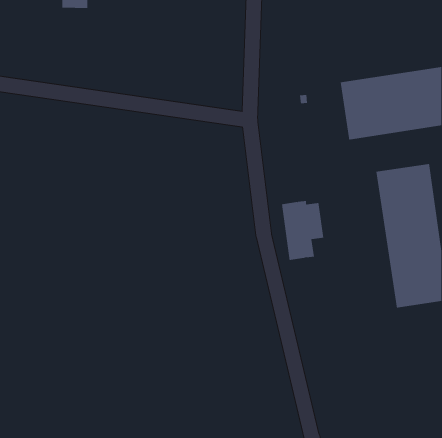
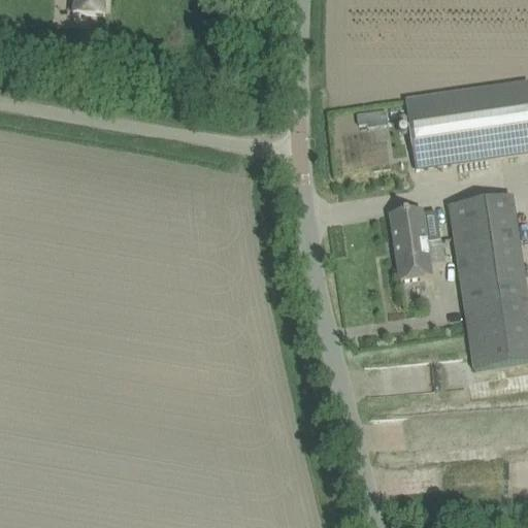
building: [281,201,324,260] -> [391,208,442,279]

